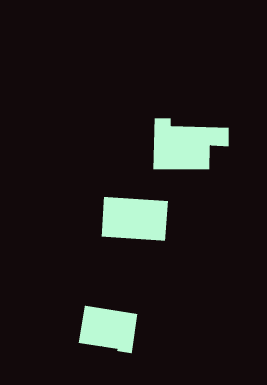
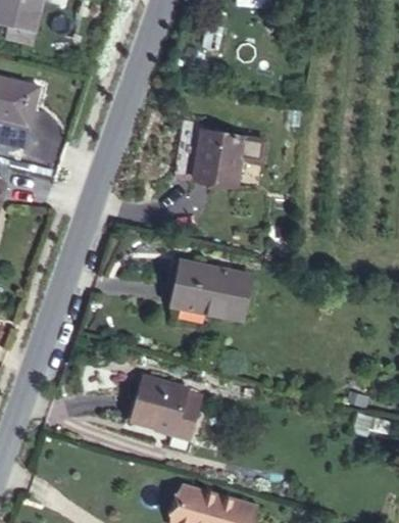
building: [152,118,230,170] -> [173,118,264,184]

